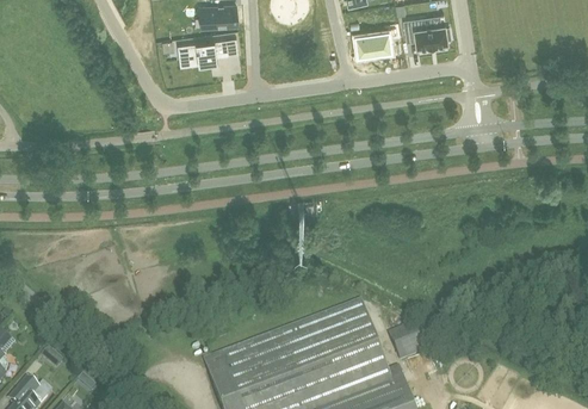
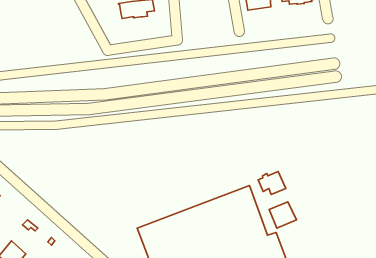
building: none -> [258,171,286,194]

